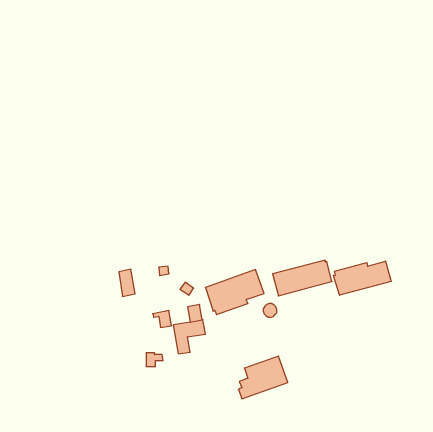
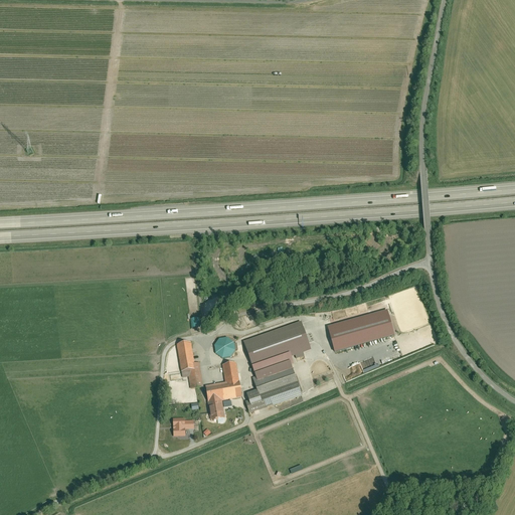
building: [334,261,391,295] -> none
building: [119,269,135,296] -> [177,339,196,371]
building: [238,356,288,399] -> [245,362,304,412]

